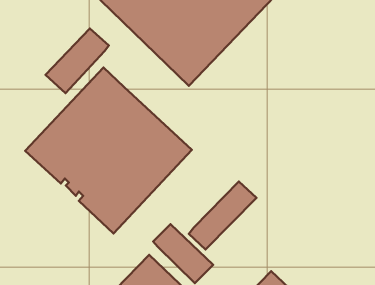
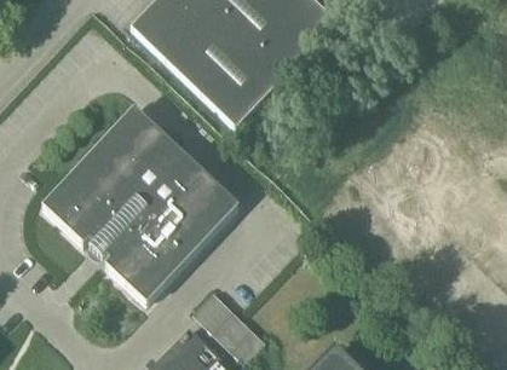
building: [46,28,109,93] -> none
building: [189,181,256,249] -> none

